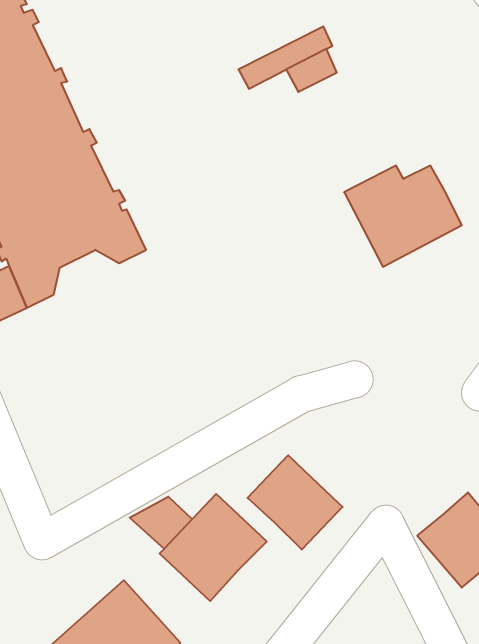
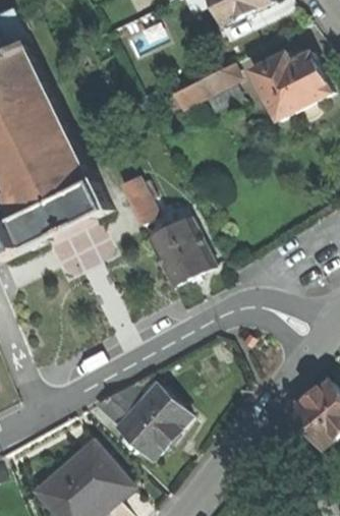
building: [344,166,462,267] -> [251,53,332,122]
building: none -> [120,176,158,226]
building: none -> [149,218,214,286]
building: [247,455,343,550] -> none

